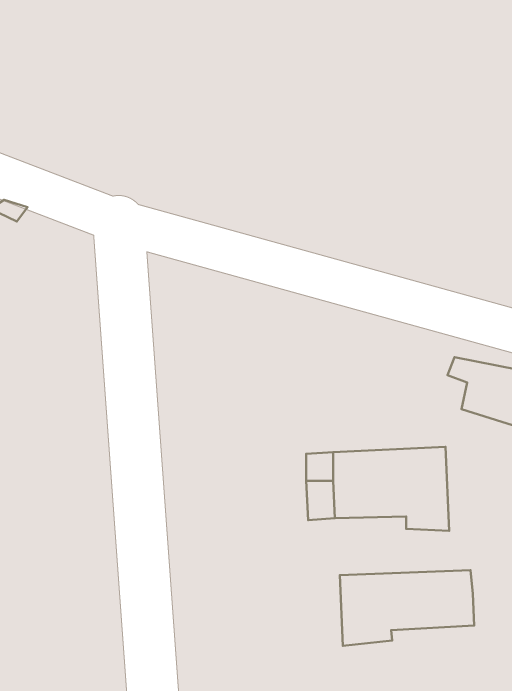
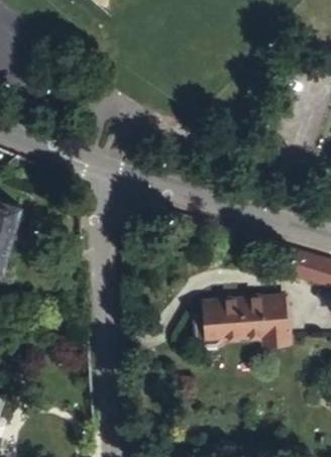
building: [340,570,474,646] -> none

